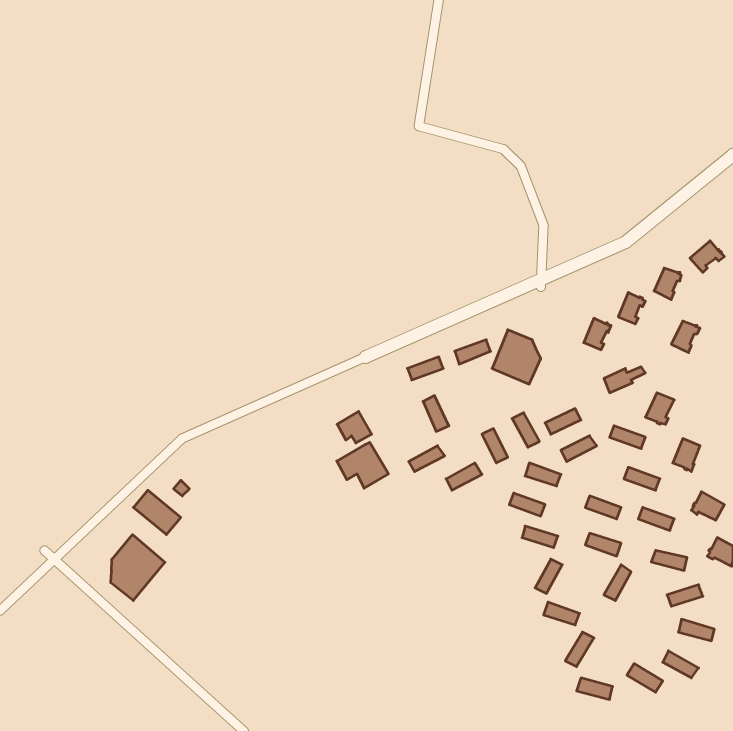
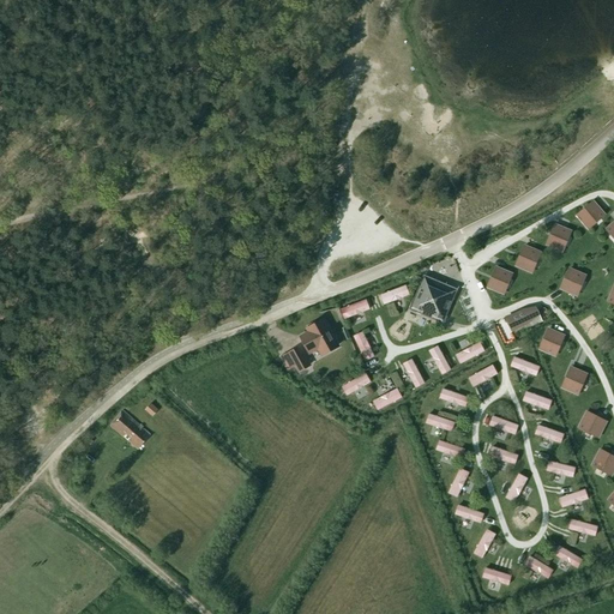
building: [337,442,388,488] -> [297,319,341,357]
building: [111,535,165,601] -> none

